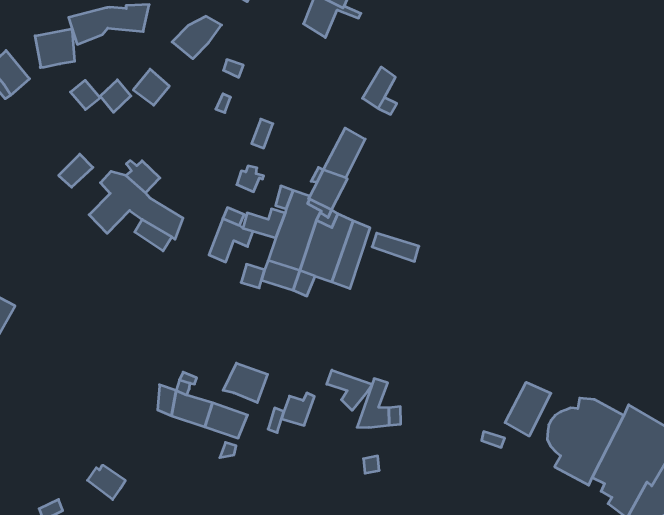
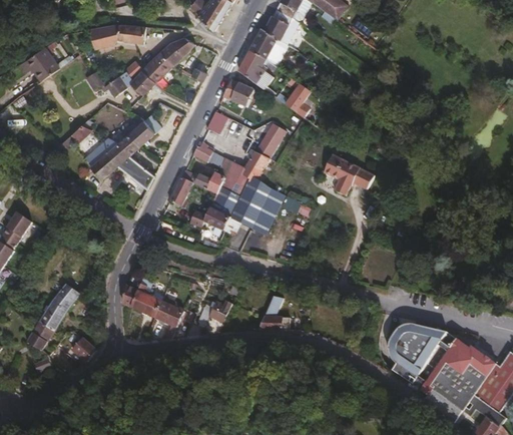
building: none -> [238,49,273,90]
building: [35,29,75,68] -> none
building: none -> [142,52,172,82]
building: none -> [222,80,252,106]
building: none -> [122,114,160,144]
building: none -> [323,155,373,195]
building: [223,363,268,403] -> none
building: [327,370,372,410] -> none
building: [505,382,551,436] -> none
building: none -> [27,285,79,352]

